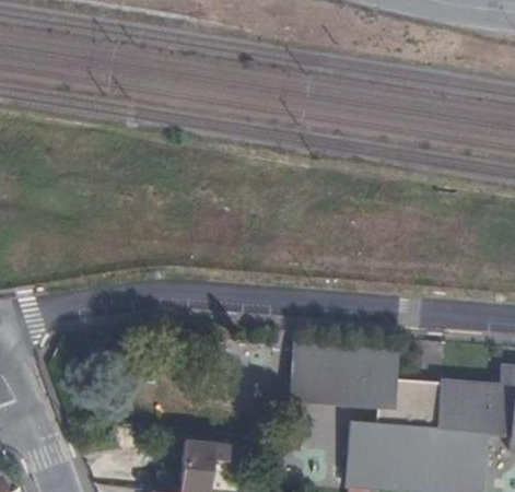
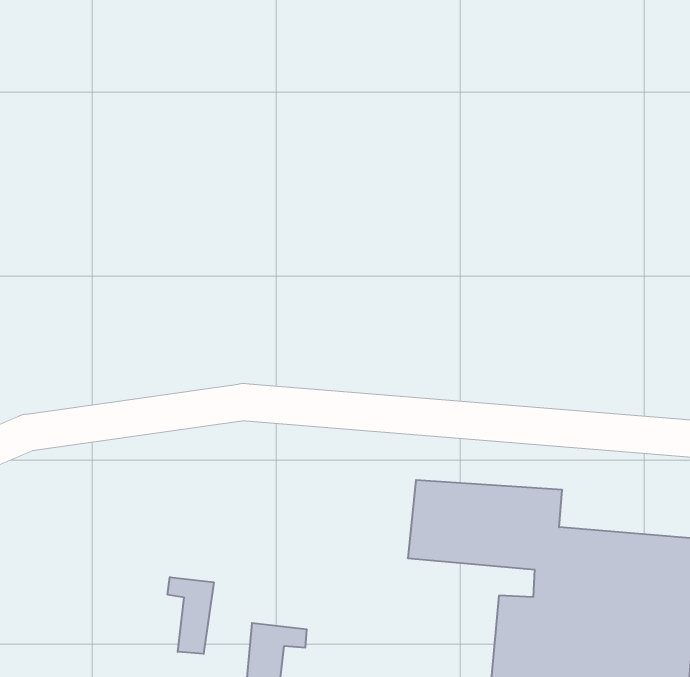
building: none -> [168,577,214,654]

